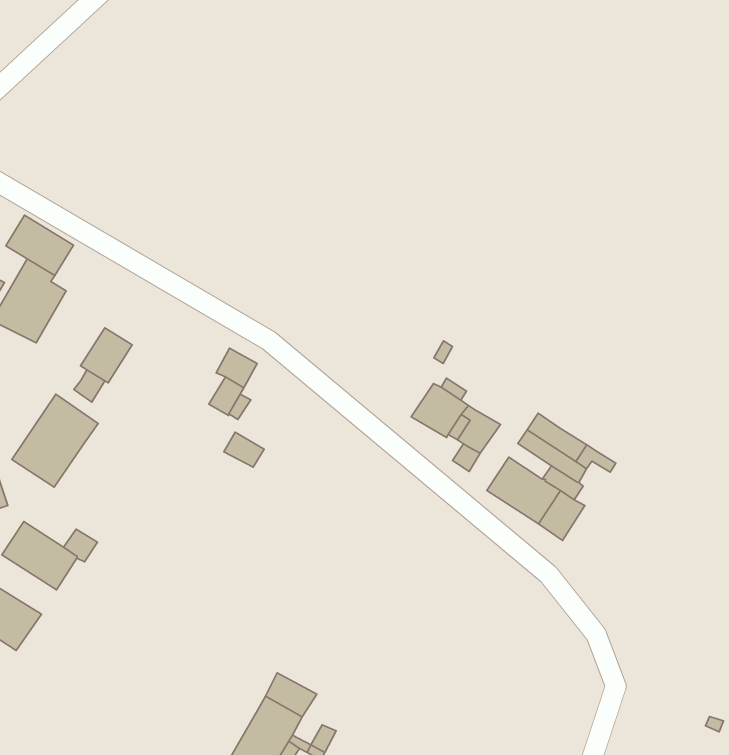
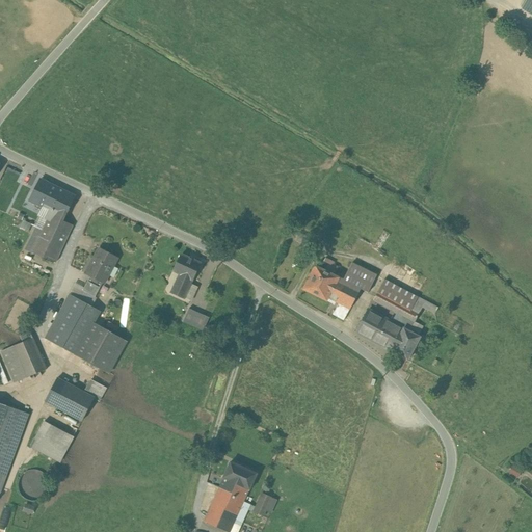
building: none -> [343,262,376,292]
building: none -> [75,322,126,372]

